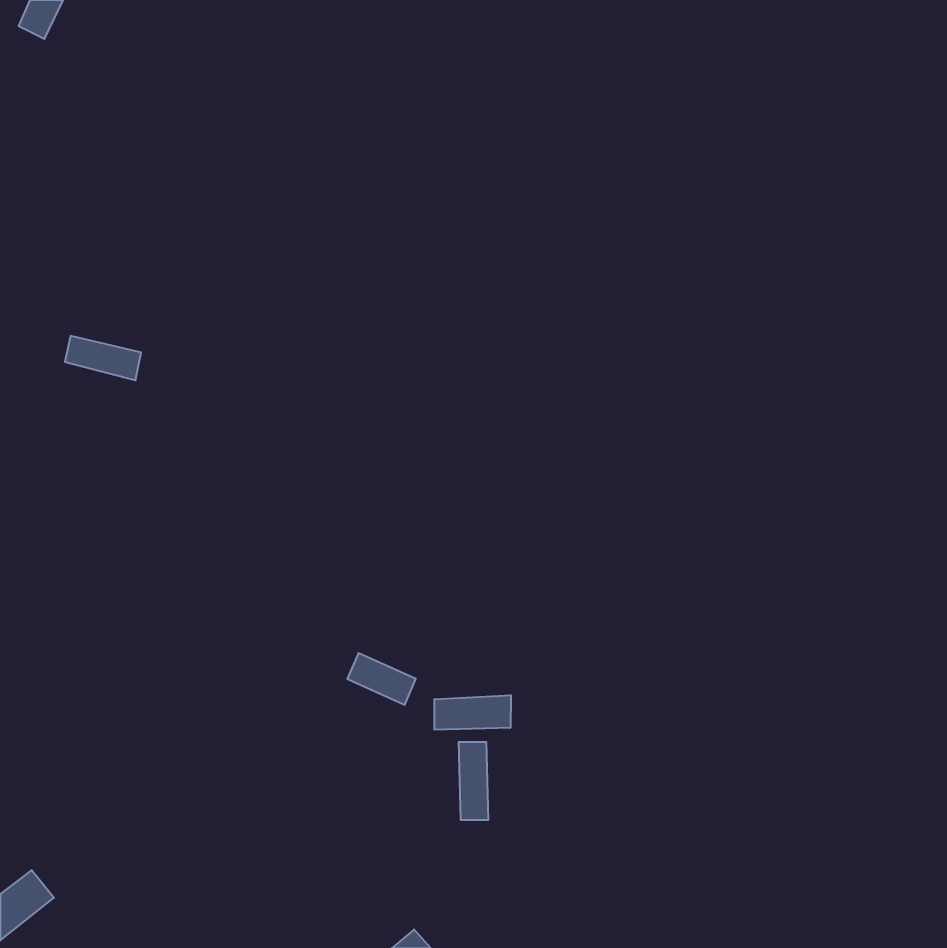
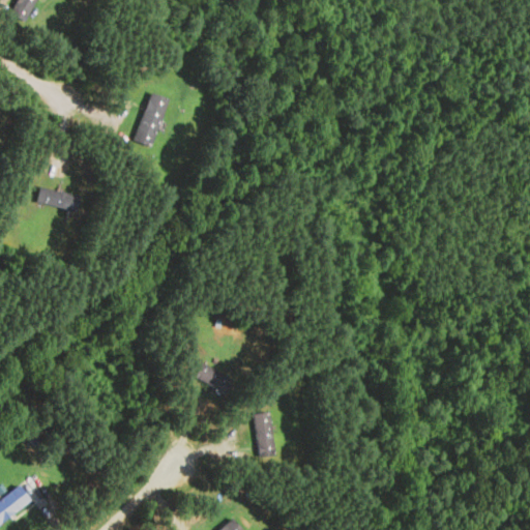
building: none -> [135,92,169,147]
building: [434,695,511,730] -> none

